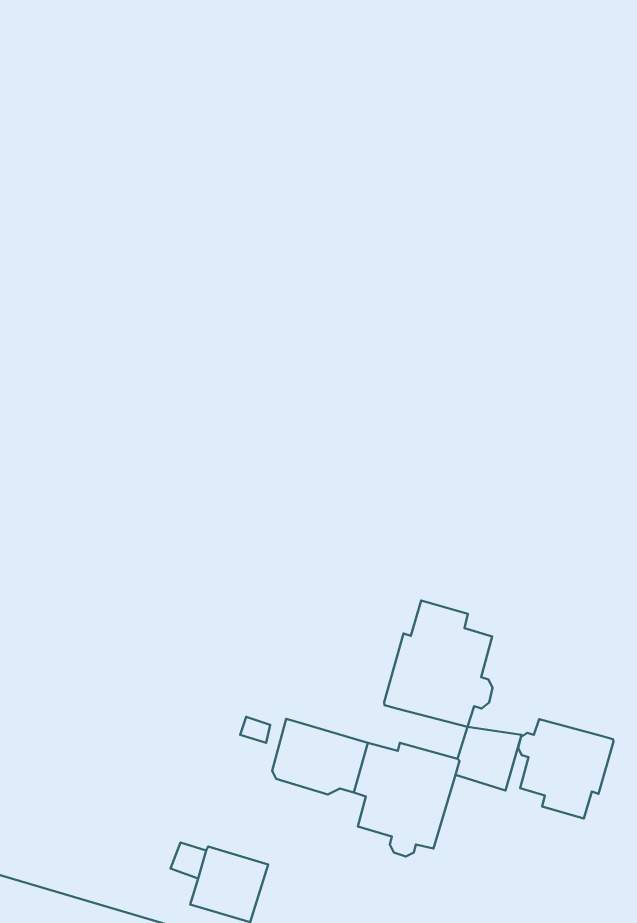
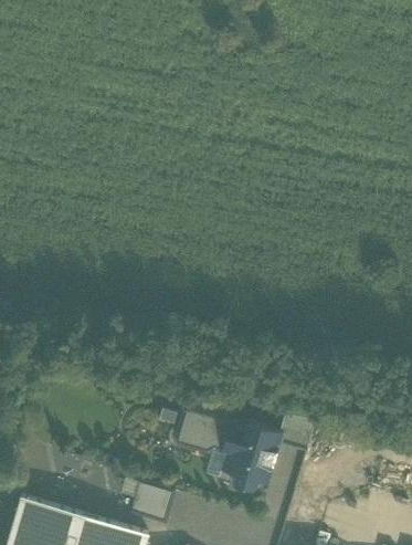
building: [384,601,493,727] -> none
building: [518,719,613,818] -> none

